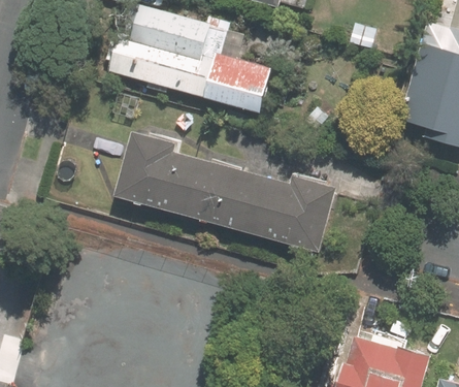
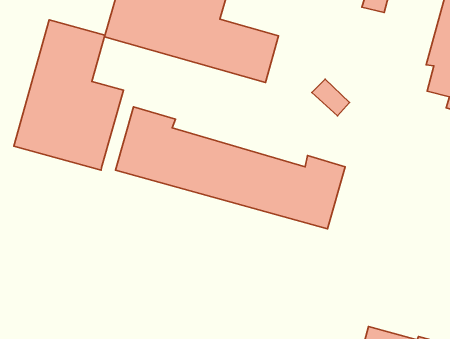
building: none -> [14,20,124,170]

